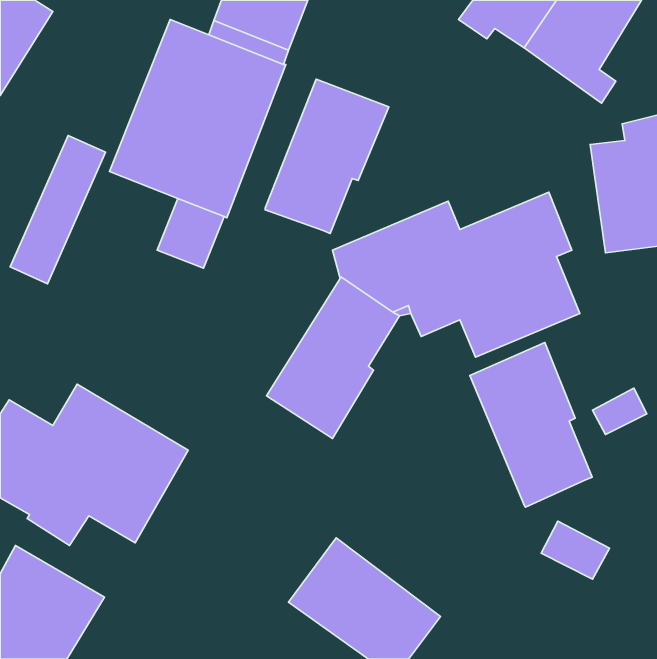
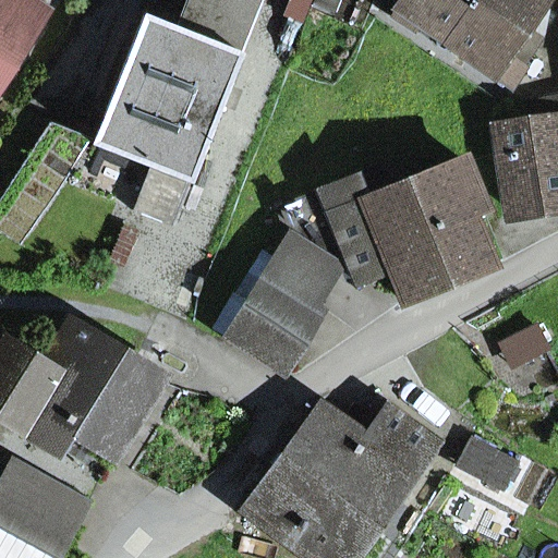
building: [265,79,389,233] -> none
building: [470,343,592,507] -> none
building: none -> [286,408,430,521]

